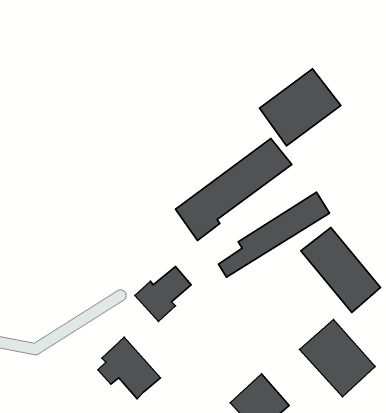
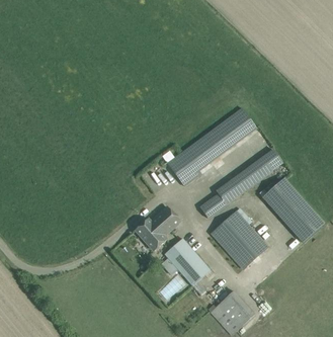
building: [259,69,341,146] -> none
building: [299,319,375,397] -> [209,209,267,269]
building: [98,337,161,399] -> [161,238,210,285]

